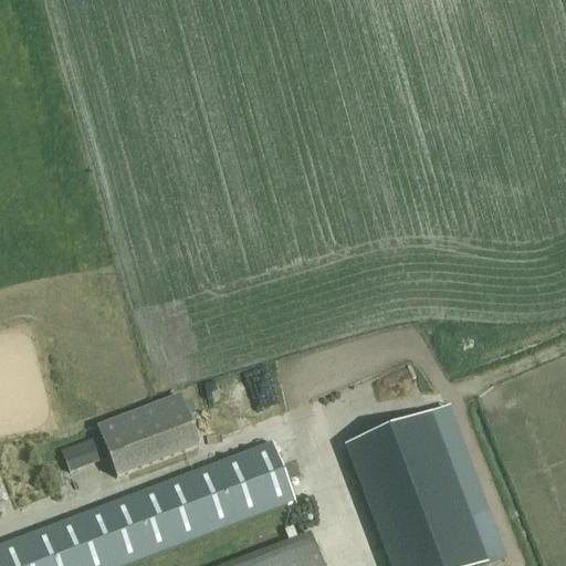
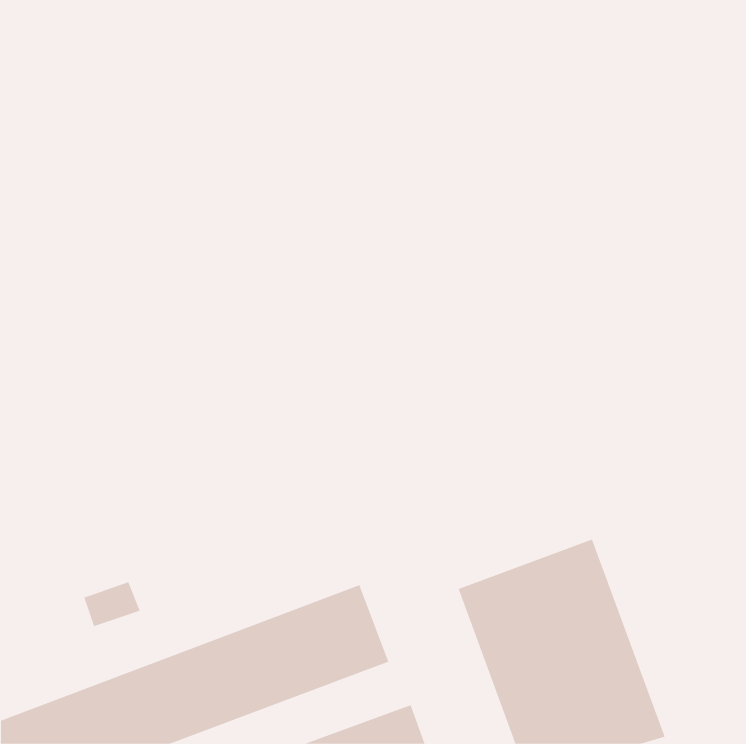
building: [98,394,200,475] -> none

